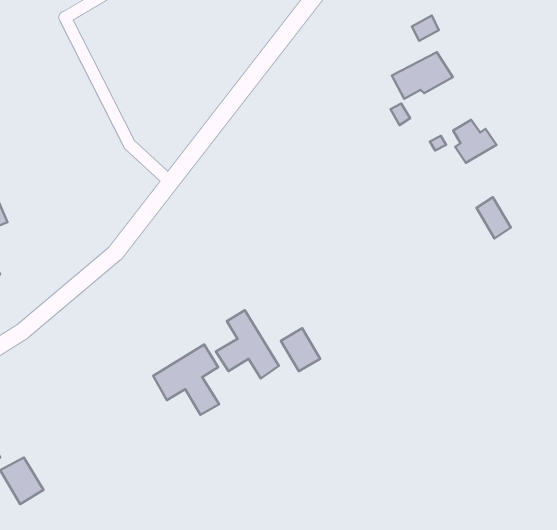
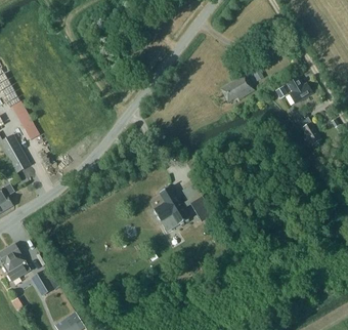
building: [392,52,453,99] -> [220,74,255,100]
building: [153,344,219,415] -> none

